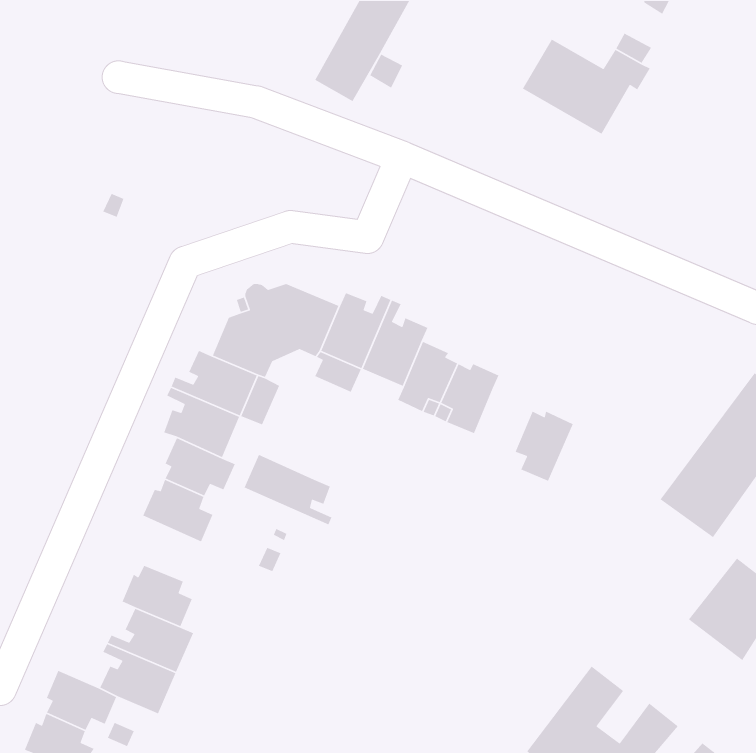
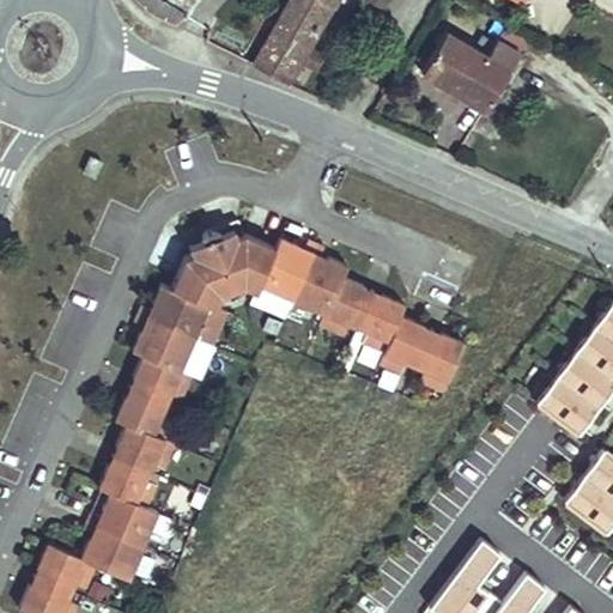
building: none -> [380,317,431,375]
building: [244,454,332,526] -> none
building: none -> [117,425,175,473]

